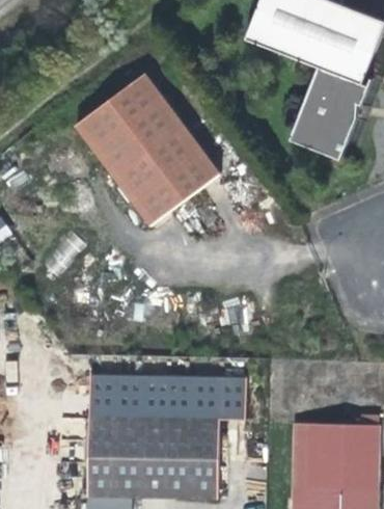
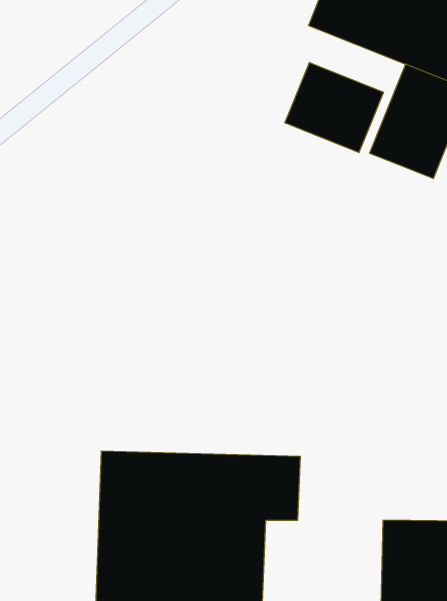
building: none -> [285,62,384,153]
building: [76,75,218,224] -> none

